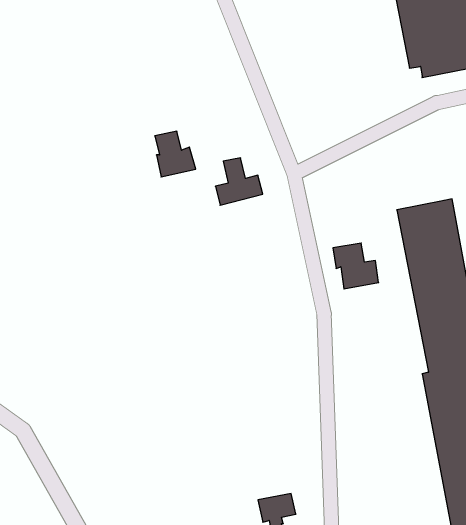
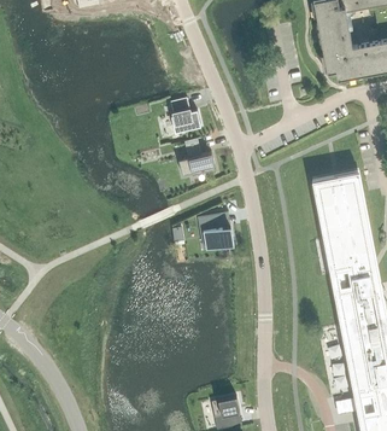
building: [155,131,196,177] -> [170,99,201,134]
building: [333,243,379,289] -> [198,215,233,250]

